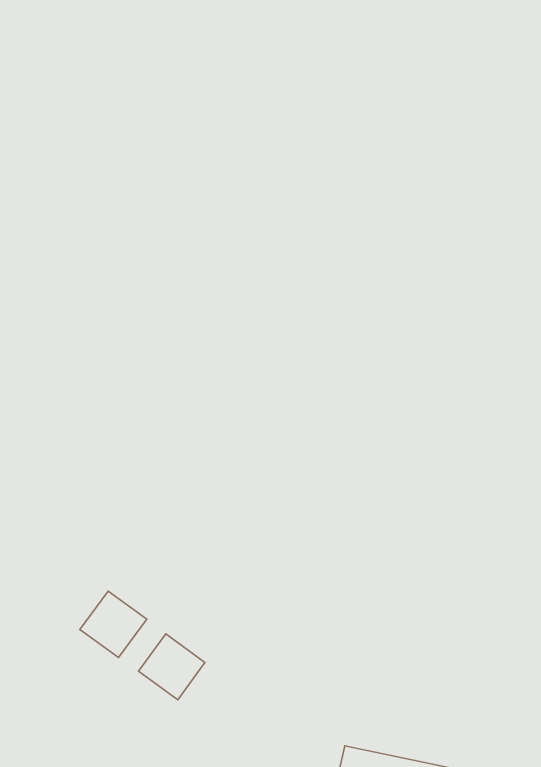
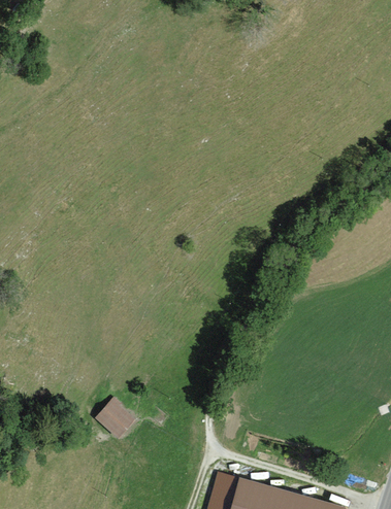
building: [80,591,147,658] -> none

